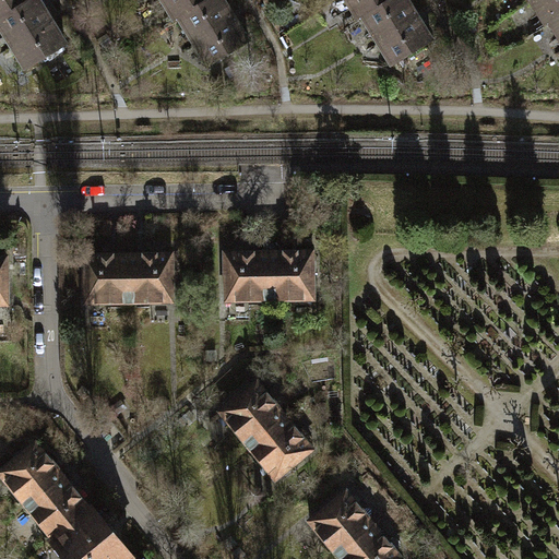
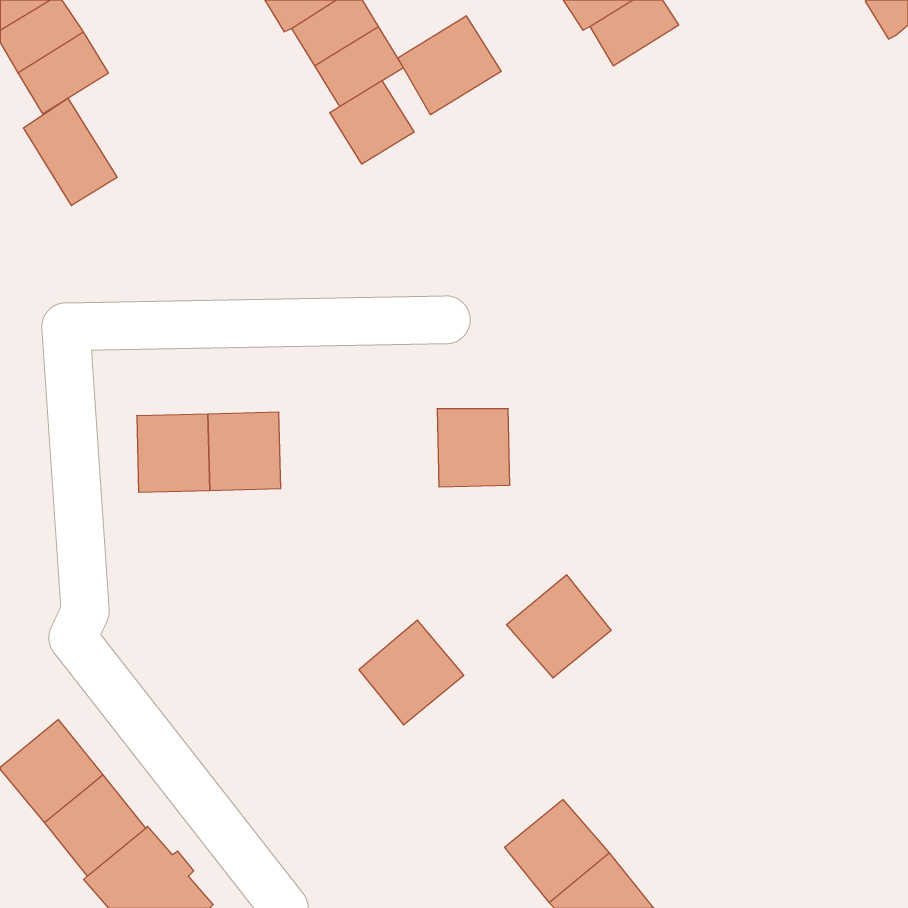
building: none -> [398,16,501,115]
building: [377,15,432,64] -> none
building: none -> [330,81,414,164]
building: none -> [23,98,117,206]
building: [226,251,270,300] -> none
building: [248,415,312,478] -> [506,575,611,678]

